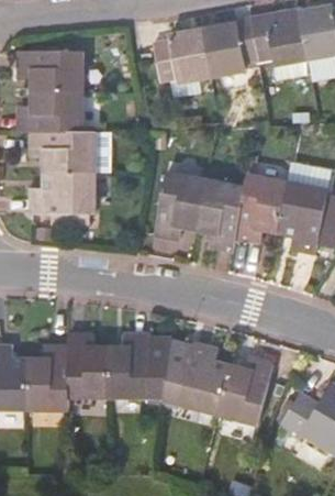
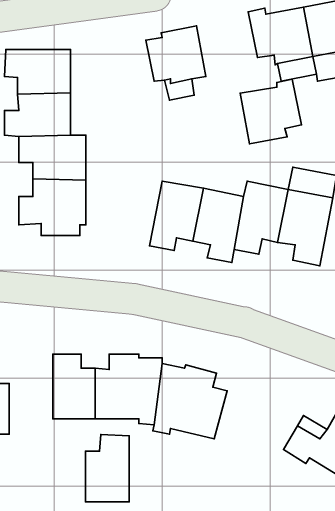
building: [200,14,257,75] -> [240,79,301,144]
building: [25,346,66,409] -> [85,435,129,502]
building: [216,359,270,423] -> none

